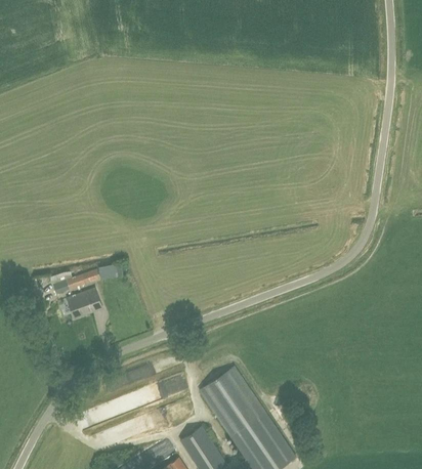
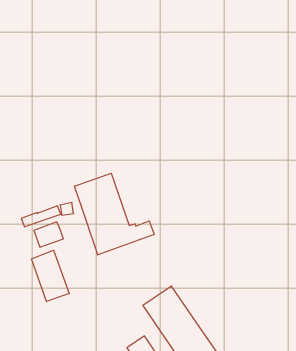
building: none -> [74,173,154,255]
building: none -> [31,250,69,302]

